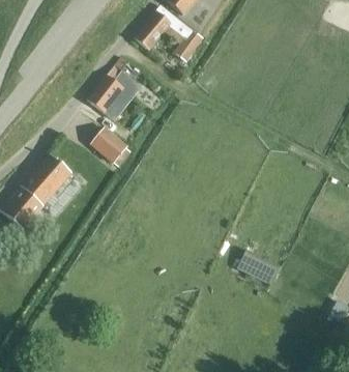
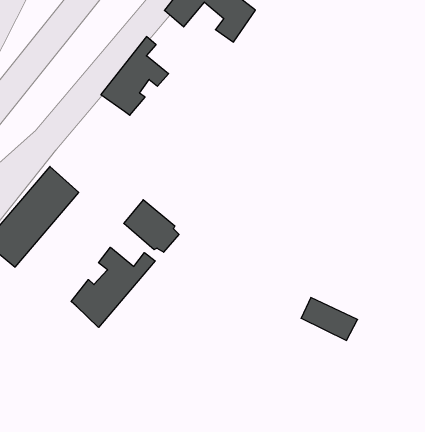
building: [90,125,132,165] -> [124,200,179,252]
building: none -> [71,247,155,327]

